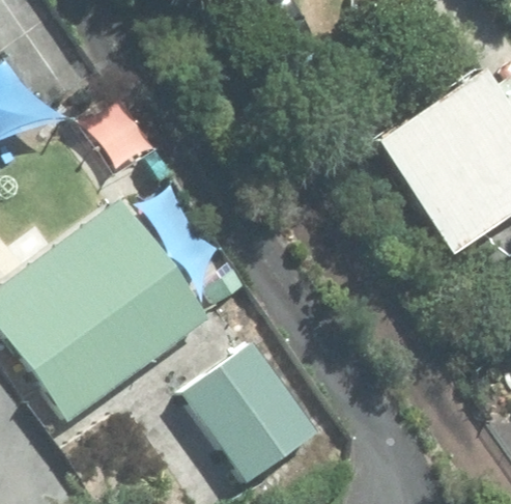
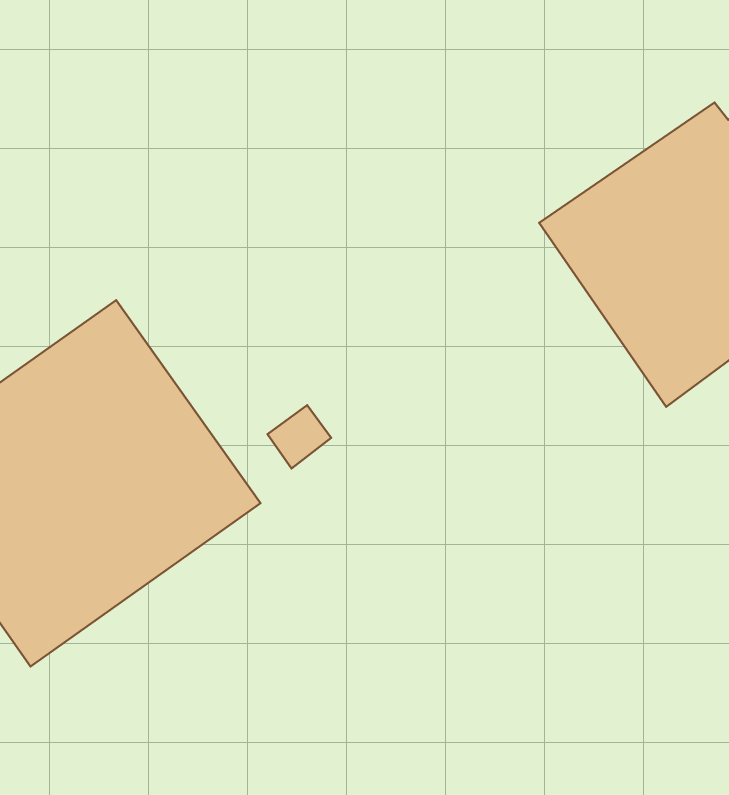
building: [180,316,311,454] -> none

